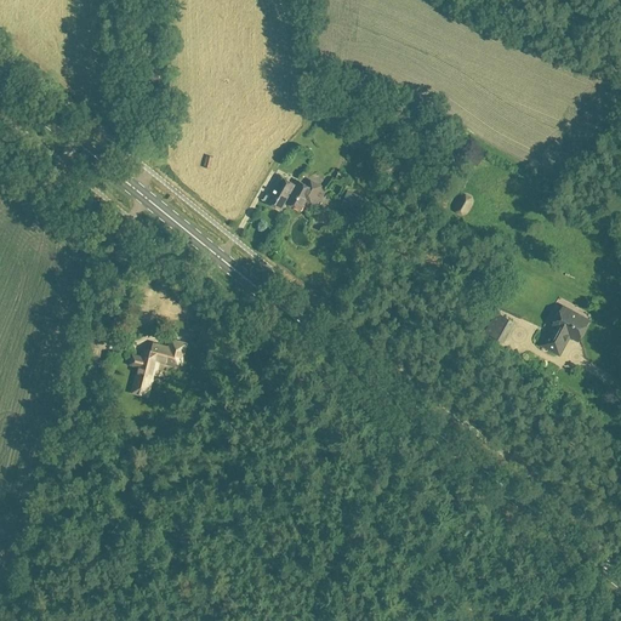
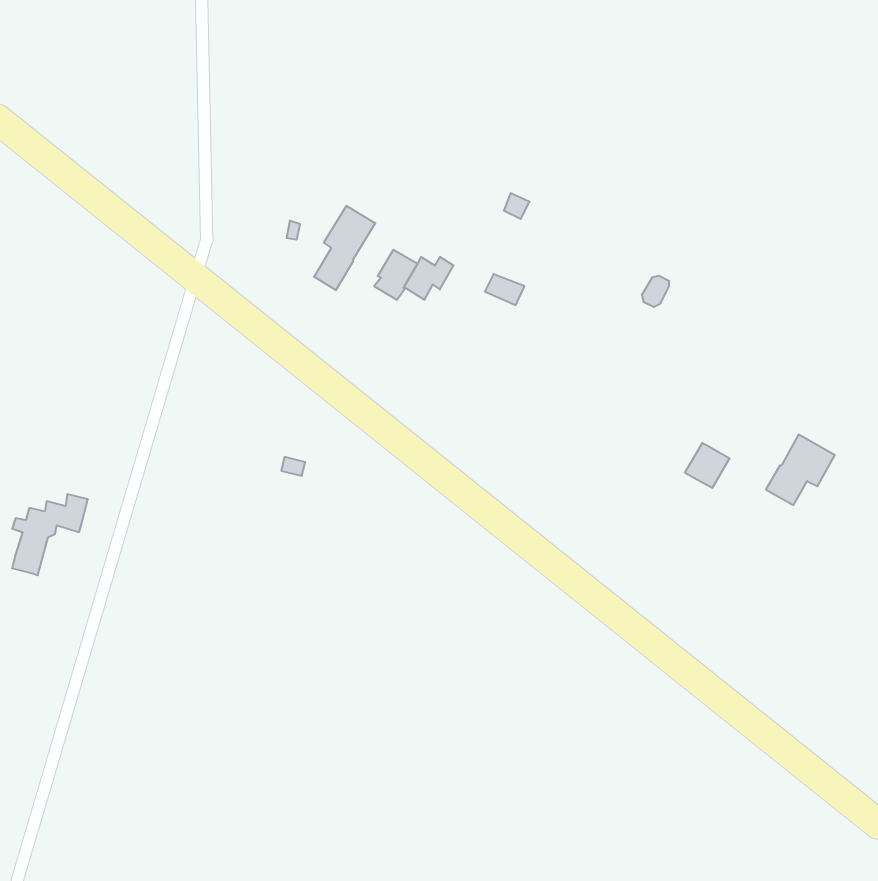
building: none -> [314,206,375,290]
building: [129,340,182,397] -> [12,494,88,575]

